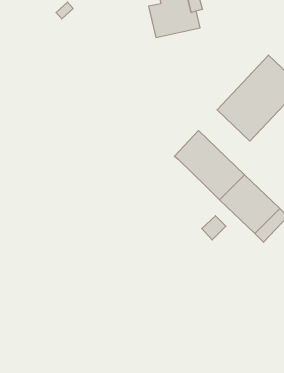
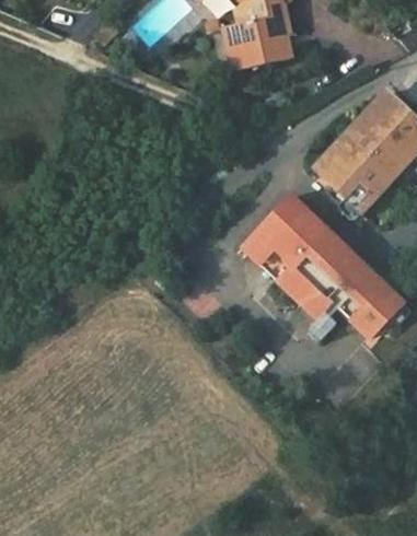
building: none -> [246,233,301,289]

